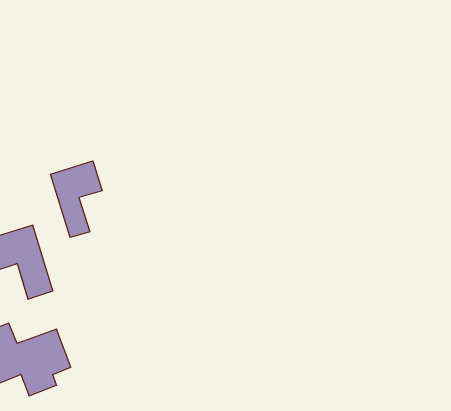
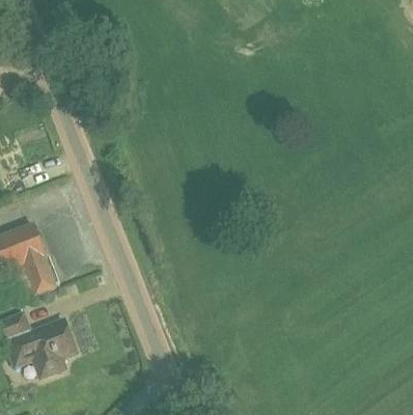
building: [51,161,102,237] -> none

